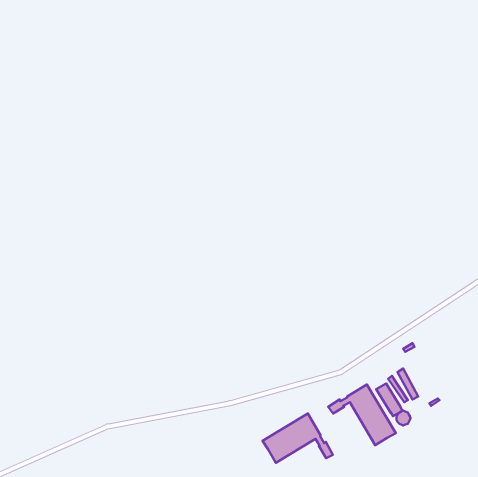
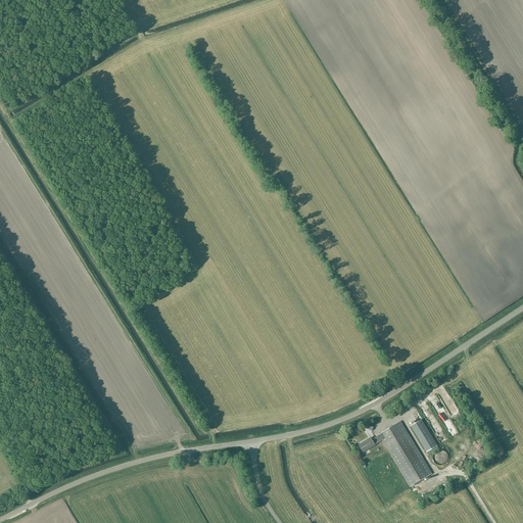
building: [262,414,333,463] -> none

